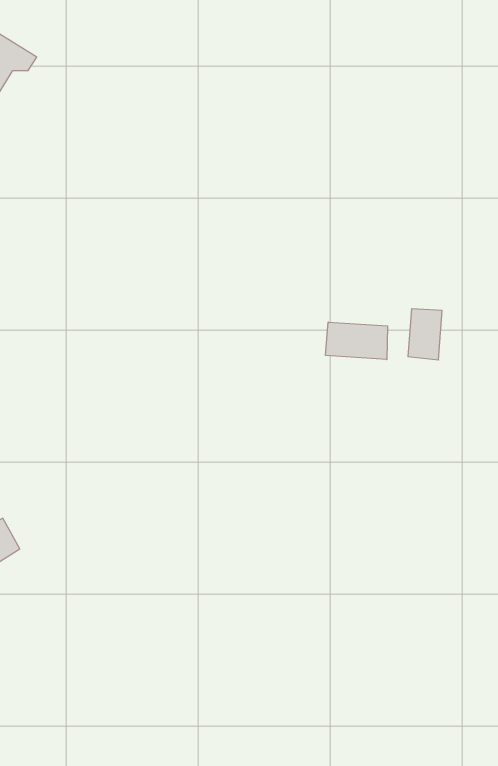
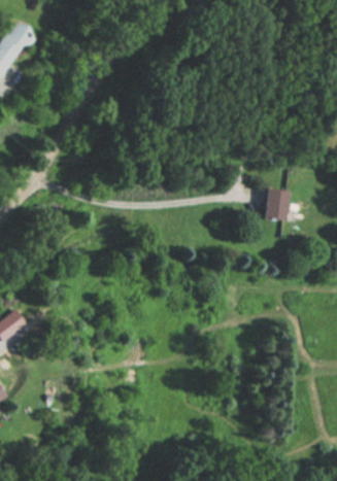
building: [325,322,387,360] -> none

